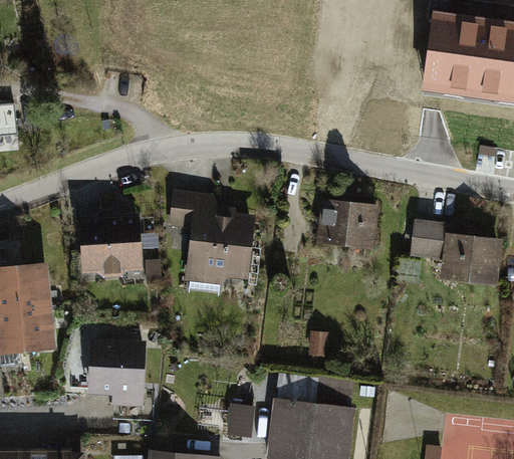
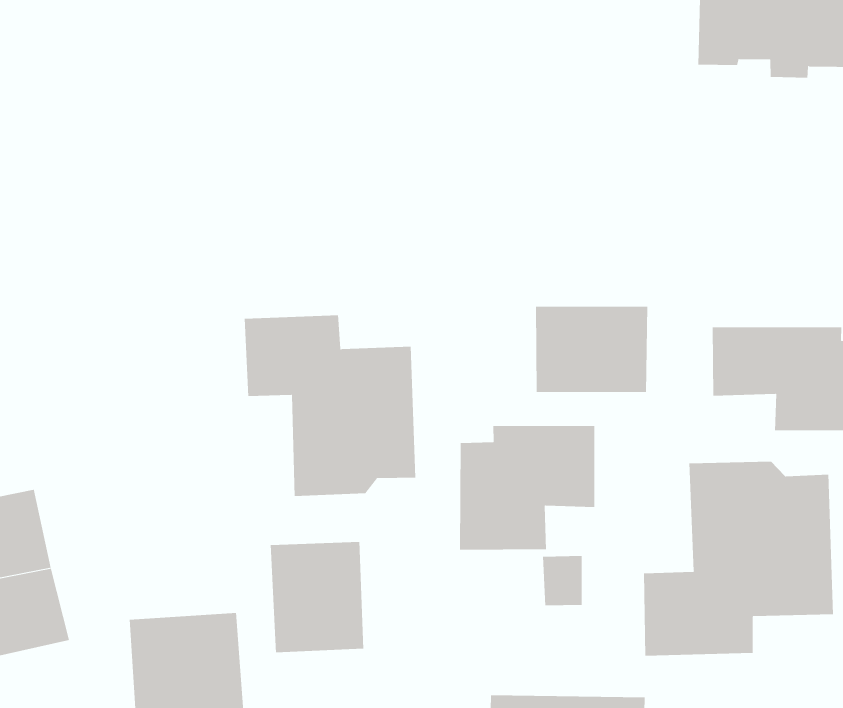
building: [76,219,141,276] -> none
building: none -> [459,425,595,551]
building: none -> [643,461,833,656]
building: none -> [270,541,364,653]

